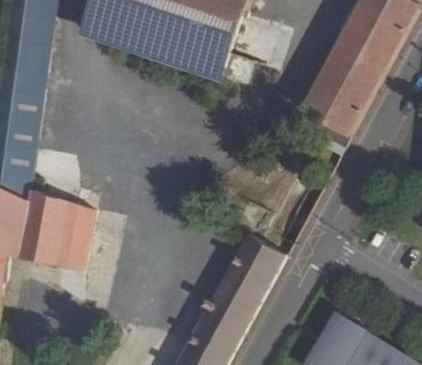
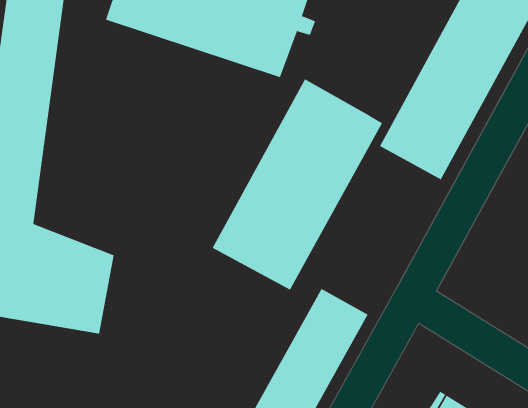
building: none -> [212,79,383,290]

